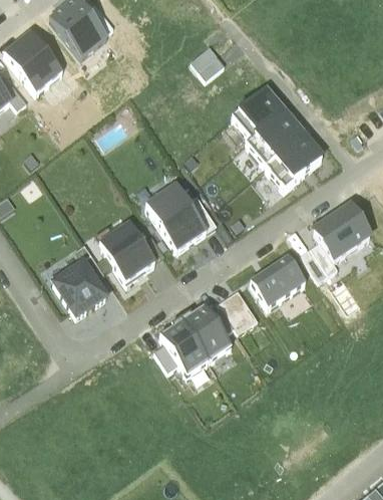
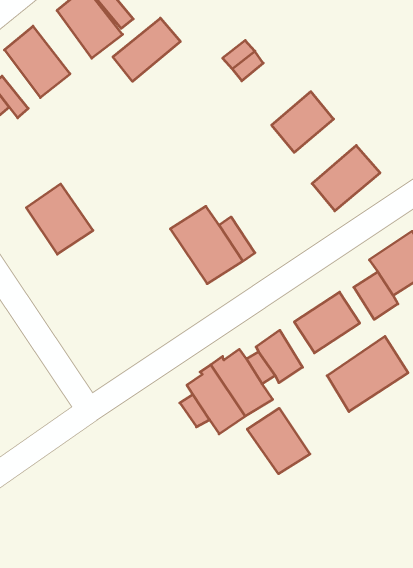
building: none -> [113,18,180,81]
building: [247,109,303,164] -> none
building: [100,221,156,280] -> [26,184,93,254]
building: [53,260,107,315] -> none
building: none -> [327,336,408,412]
building: none -> [247,408,310,474]

